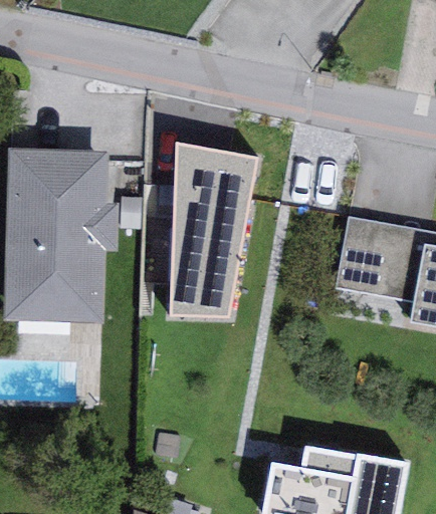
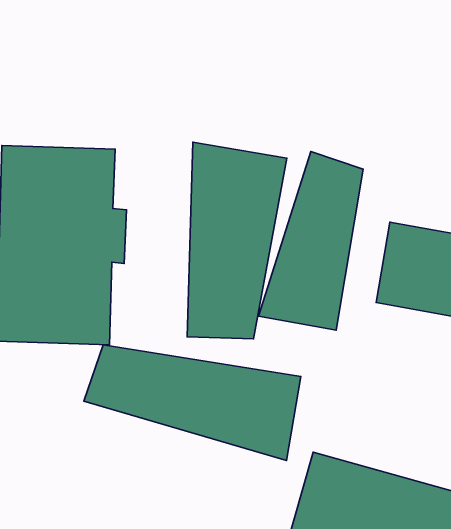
building: none -> [259,152,363,330]
building: none -> [84,345,301,461]

